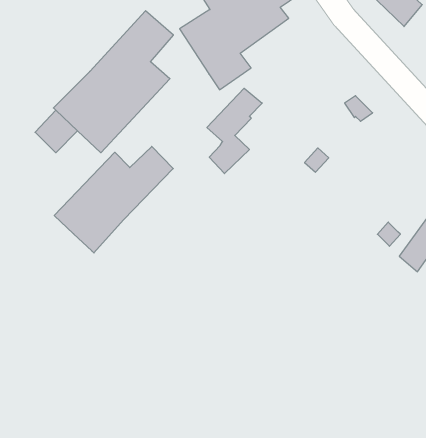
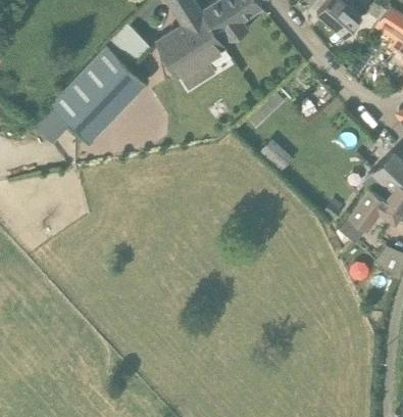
building: [207,88,262,174] -> none
building: [54,146,173,253] -> none

